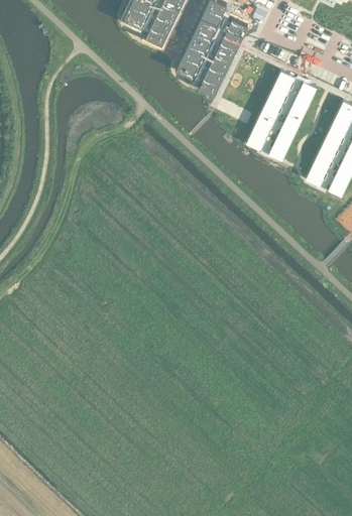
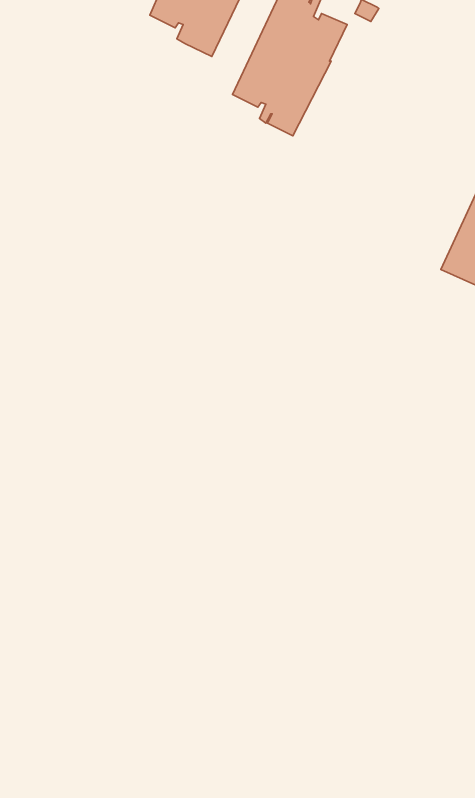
building: [246,72,316,160] -> none

